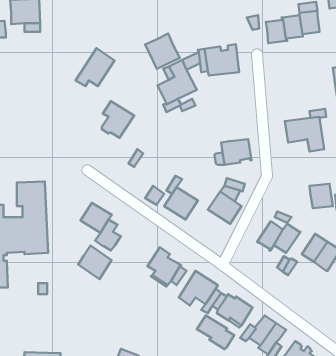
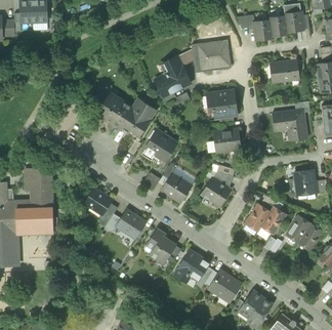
building: [145,34,180,69] -> none
building: [75,48,114,86] -> [120,98,156,133]
building: none -> [269,60,299,82]
building: none -> [207,91,237,118]
building: none -> [141,130,176,161]
building: [78,246,112,279] -> [116,209,147,240]
building: [197,316,234,349] -> none

